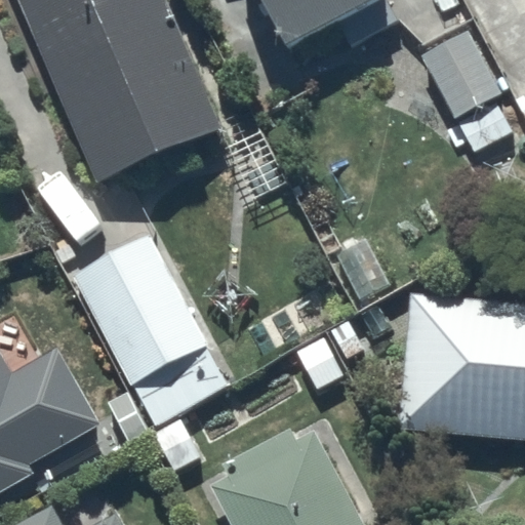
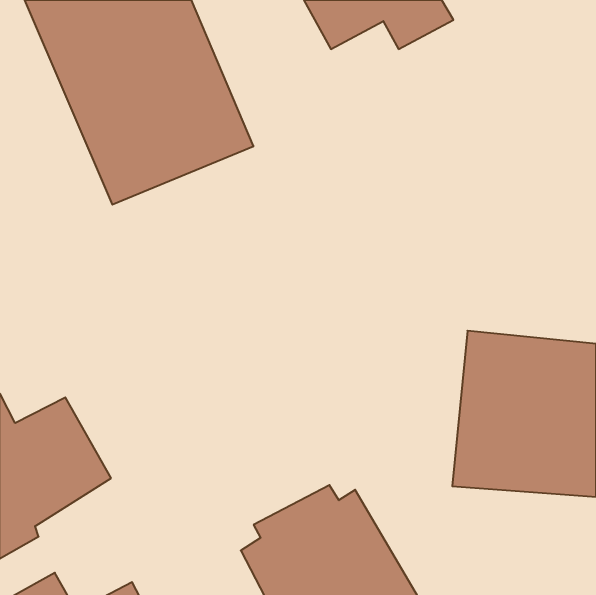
building: [420,30,515,151] -> none
building: [72,230,231,426] -> none

